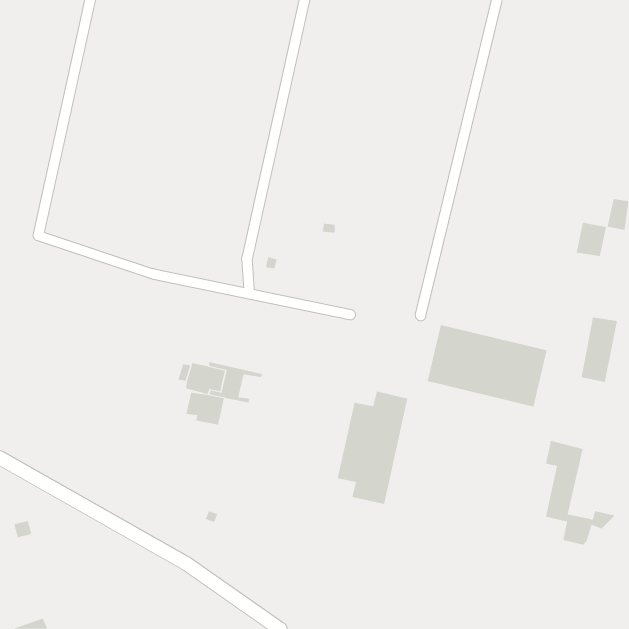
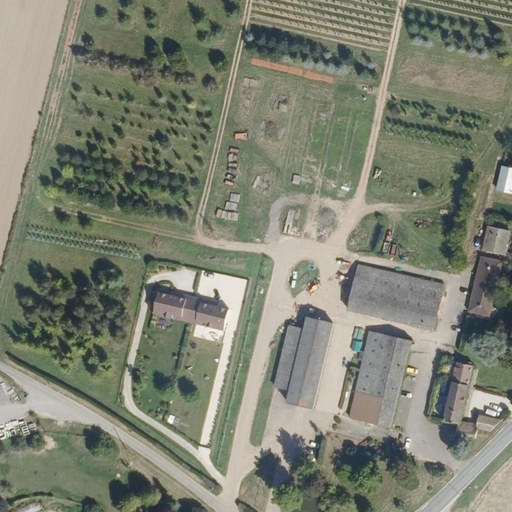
building: [576,222,607,257] -> [481,224,506,252]
building: [185,392,225,425] -> [194,304,226,331]
building: none -> [349,330,411,427]

